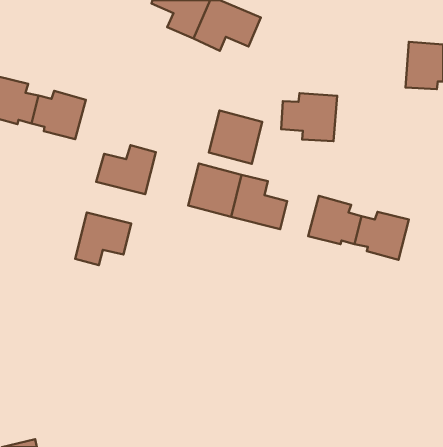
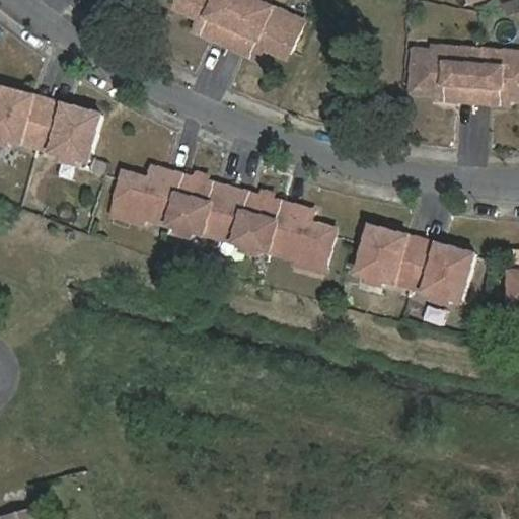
building: [281,93,337,141] -> [409,46,473,101]
building: [209,111,262,164] -> [168,176,230,238]
building: [75,213,131,265] -> none

